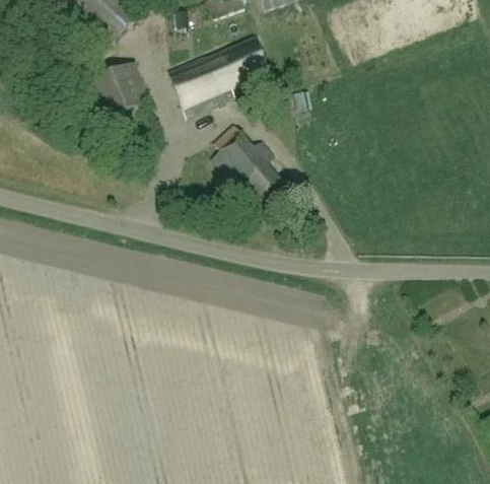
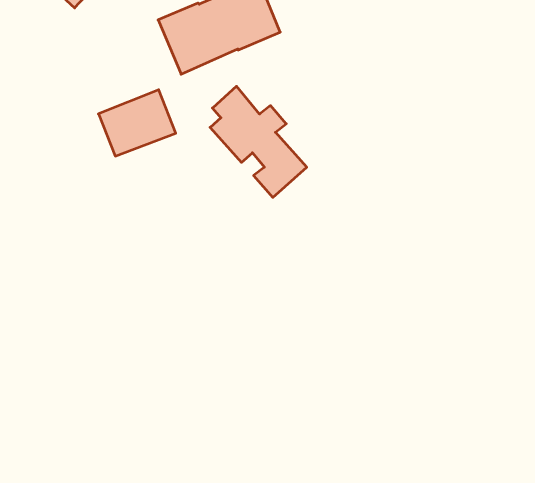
building: [90,55,155,111] -> [98,90,176,156]

